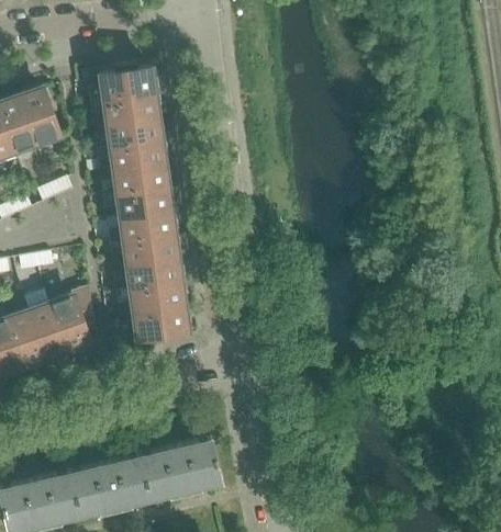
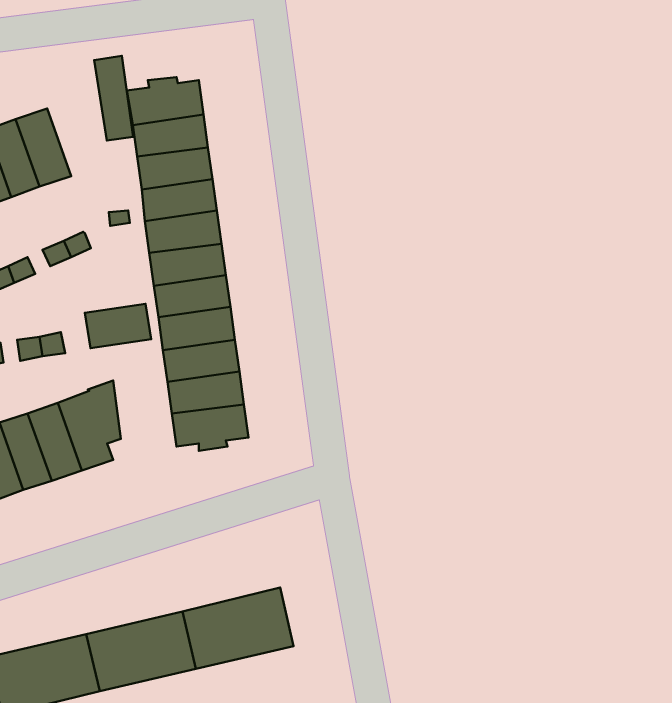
building: none -> [94,56,133,140]
building: none -> [85,304,151,348]

